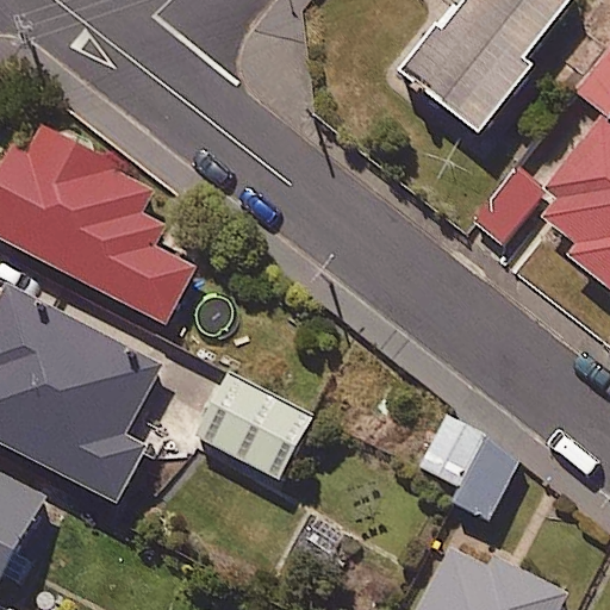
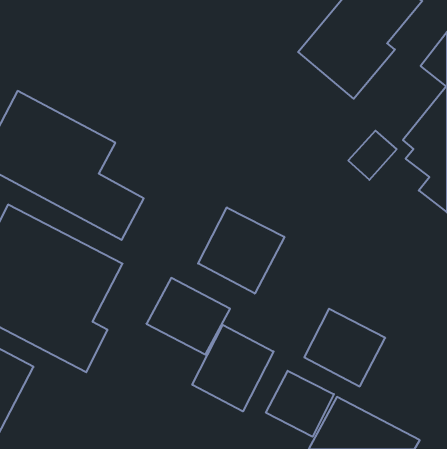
building: none -> [198,207,284,294]
building: none -> [192,325,274,411]
building: none -> [266,371,334,437]

